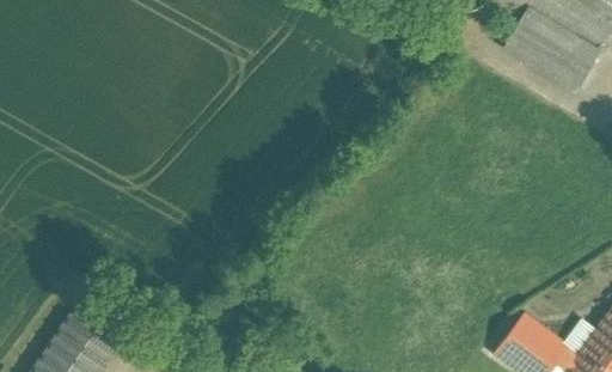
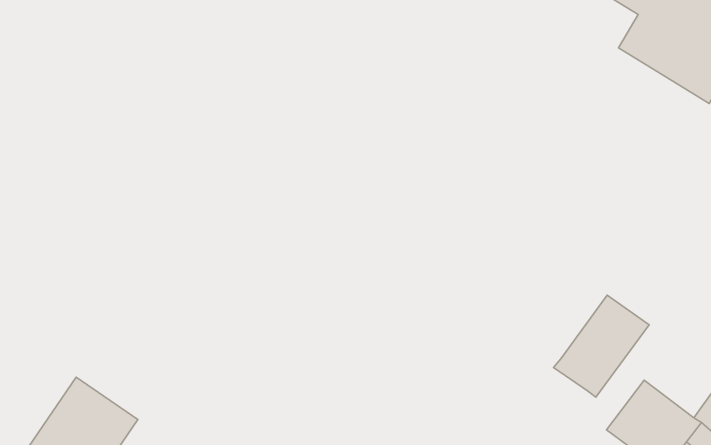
building: none -> [554,295,649,397]

